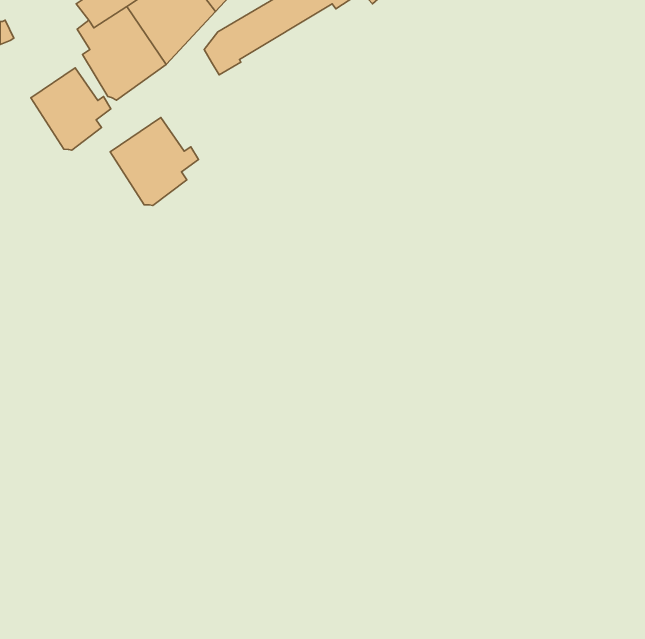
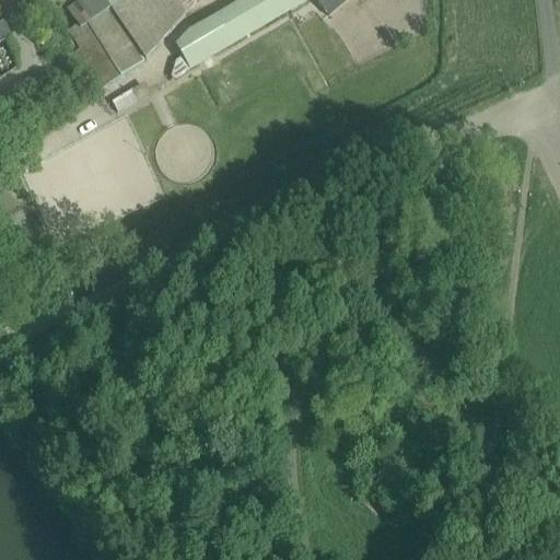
building: [31,68,111,150] -> none
building: [110,118,198,206] -> none

